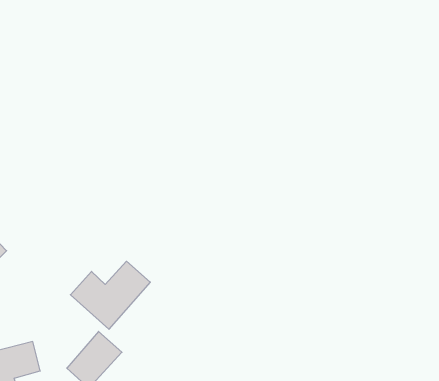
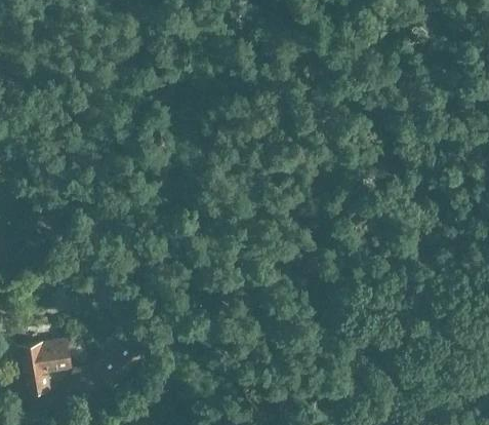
building: [70,261,150,329] -> none

